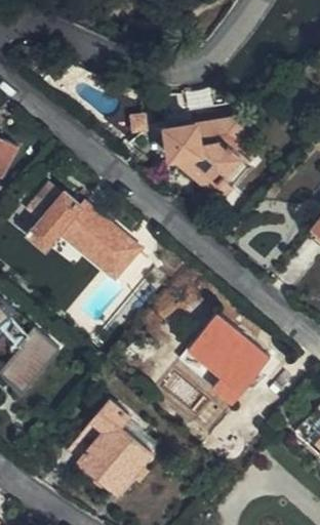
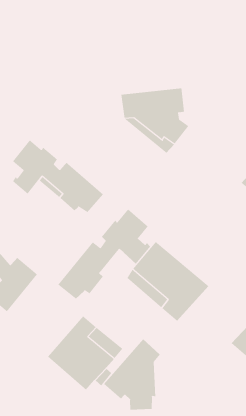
building: none -> [58,208,151,300]
building: none -> [103,339,160,411]

